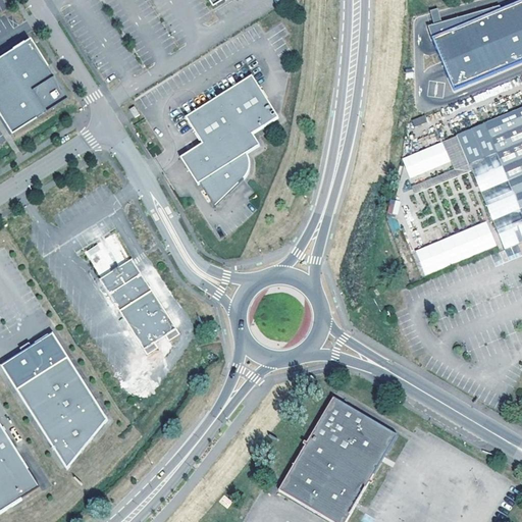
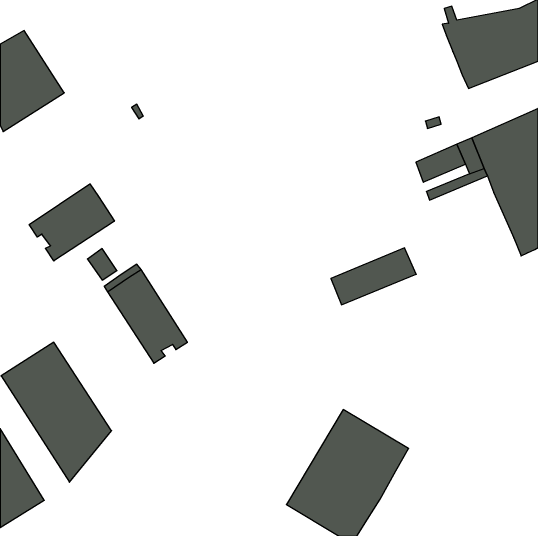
building: [179,72,277,205] -> none
building: none -> [29,184,114,261]
building: [415,219,498,274] -> [331,248,416,305]

